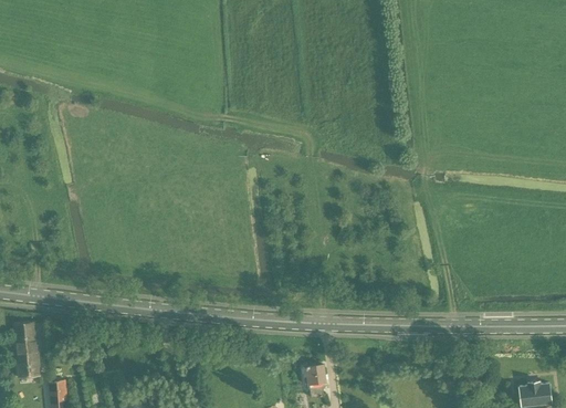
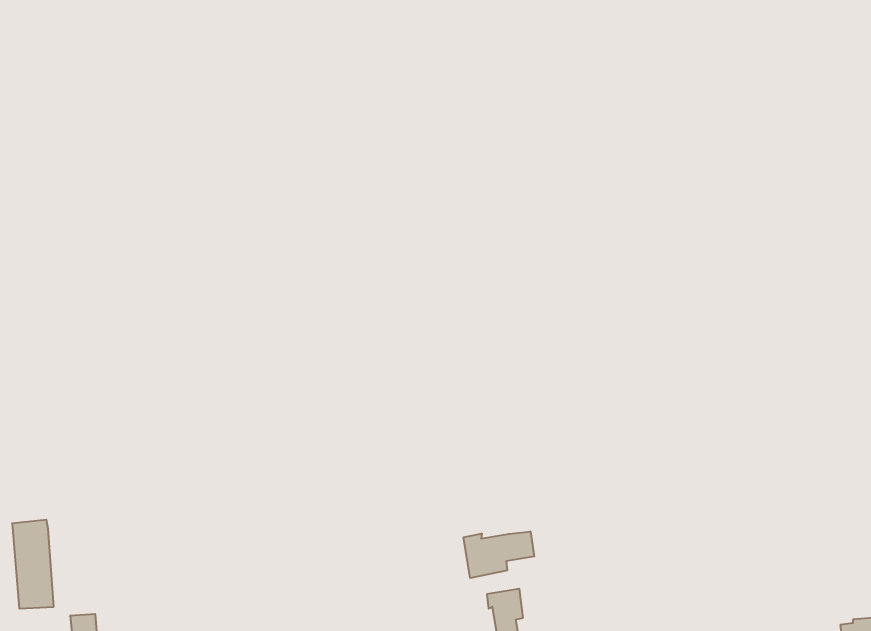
building: none -> [463,531,534,578]

